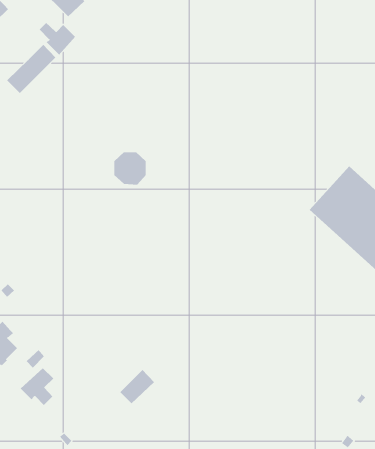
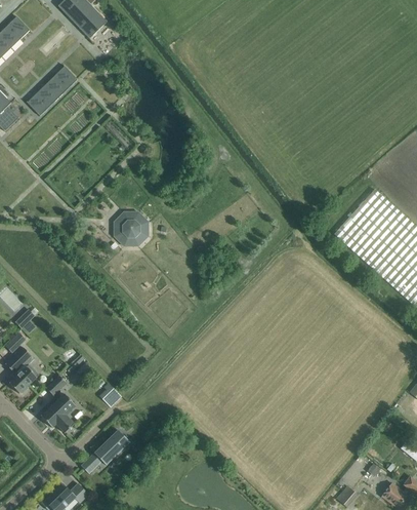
building: [39,22,76,56] -> none
building: [113,152,147,185] -> [114,212,148,246]
building: [119,369,155,404] -> [93,429,129,465]

